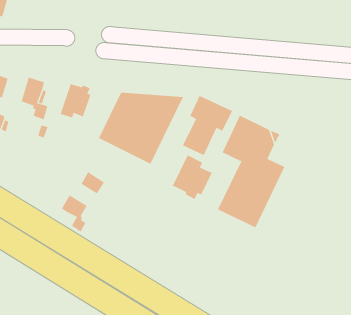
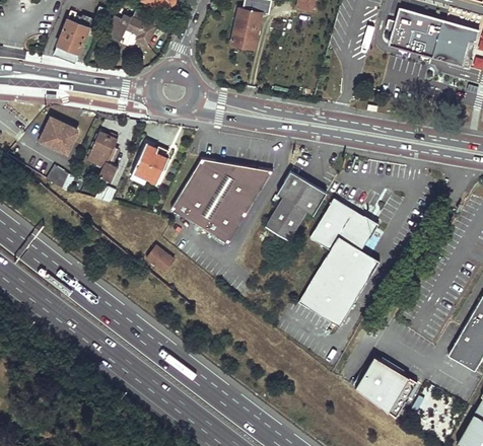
building: [172,155,212,200] -> none
building: [61,194,87,232] -> none
building: none -> [351,352,416,413]

